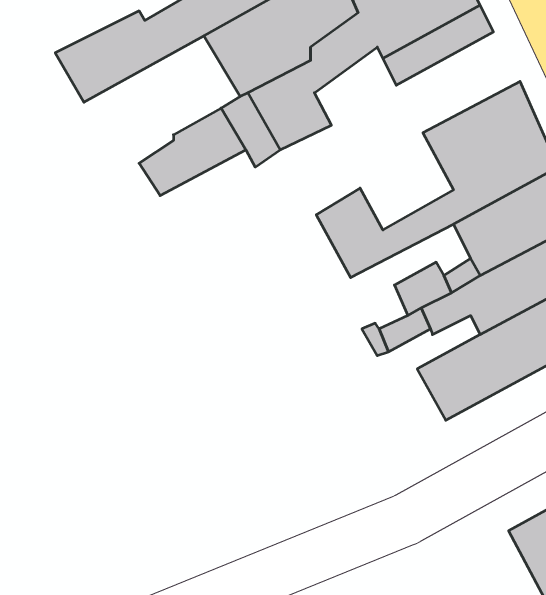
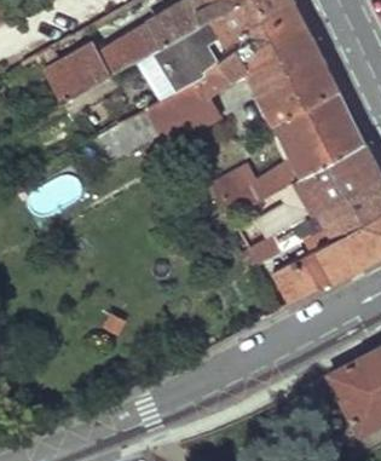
building: none -> [259,58,337,122]

